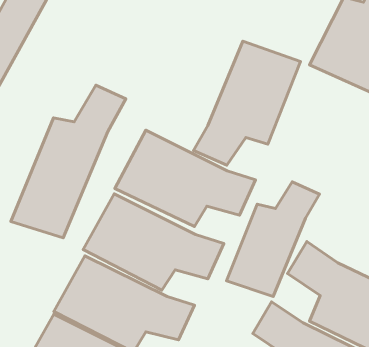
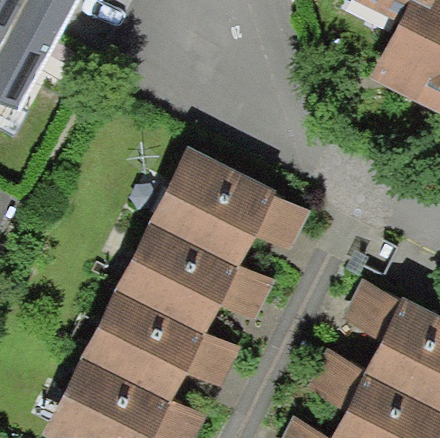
building: [193,41,300,165] -> none
building: [11,85,126,238] -> none
building: [227,182,319,297] -> none

